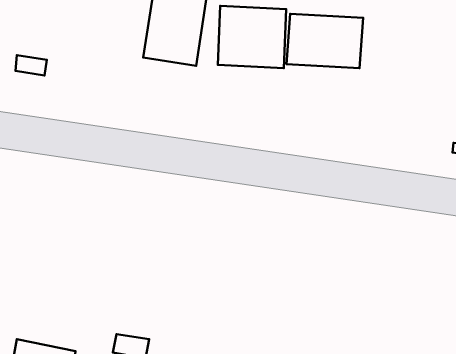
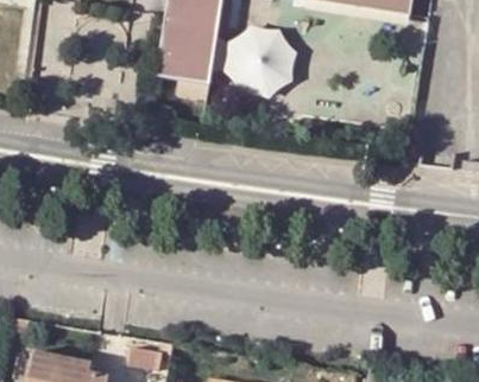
building: [287,14,363,68] -> none

